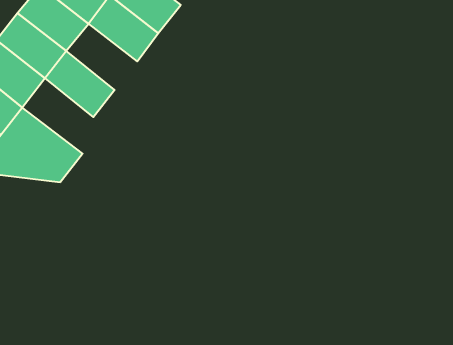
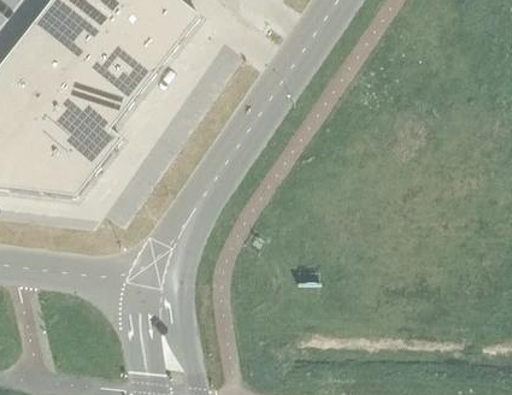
building: none -> [81,33,153,100]
building: none -> [36,88,120,165]

